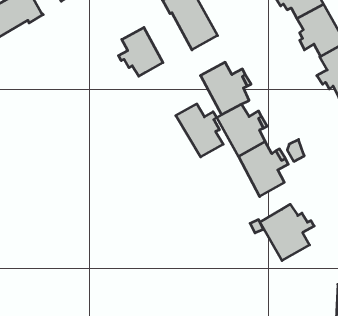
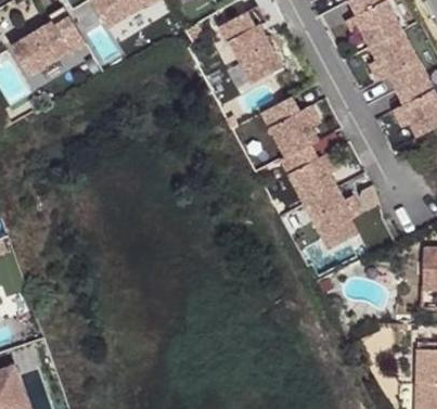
building: [118,27,163,76] -> none
building: [176,104,223,157] -> none
building: [260,204,314,261] -> none

